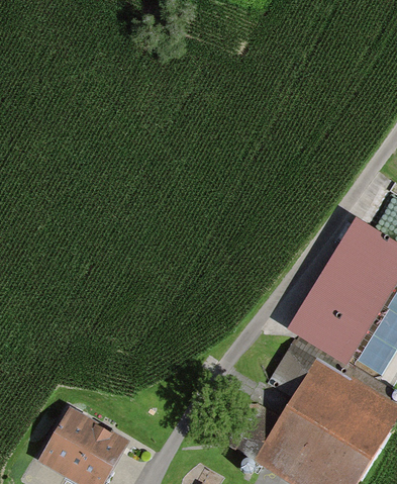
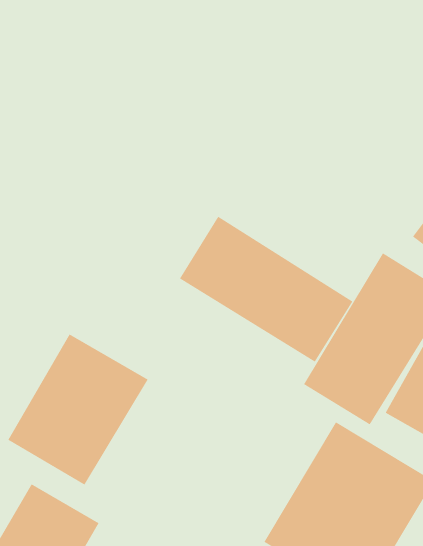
building: none -> [179,216,353,363]
building: none -> [8,333,148,485]

